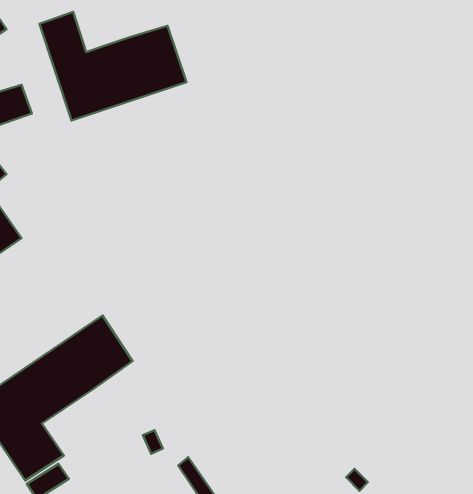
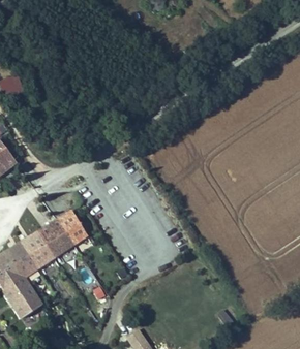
building: [39,12,187,121] -> none

